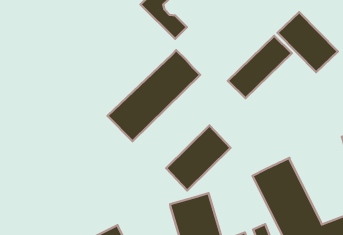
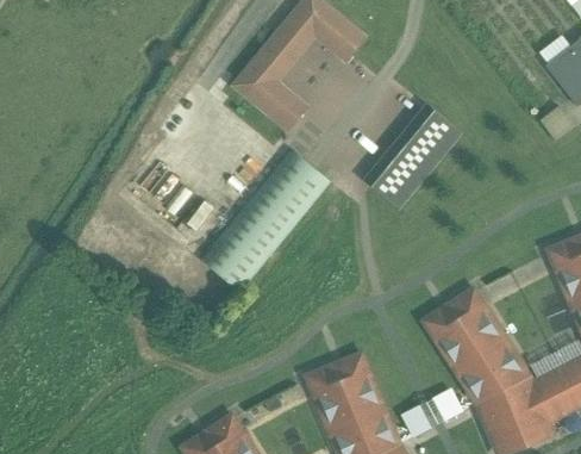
building: [278,12,338,72] -> none
building: [166,126,231,190] -> none

